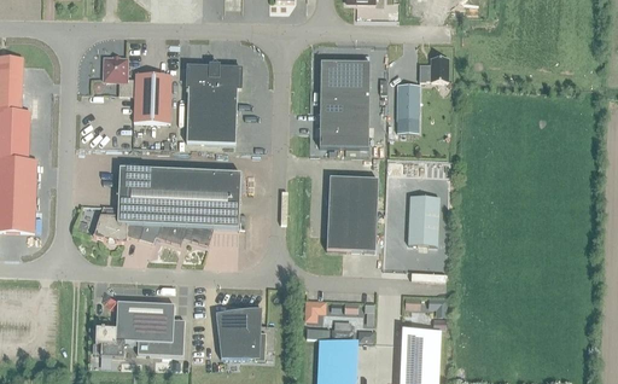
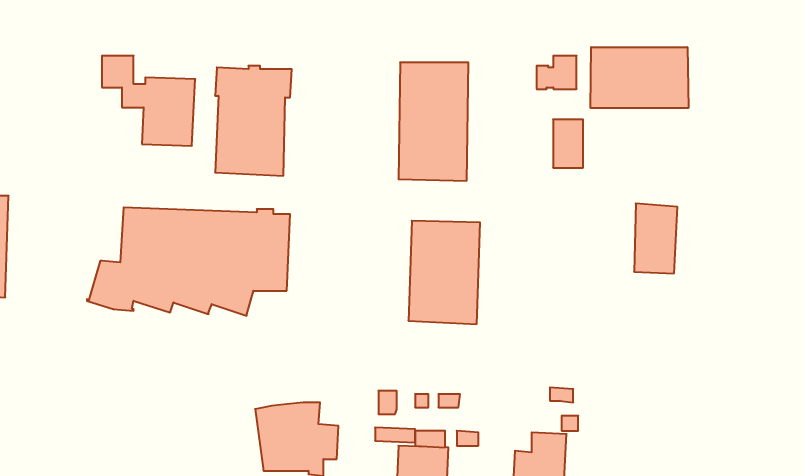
building: none -> [591,47,688,108]
building: [397,83,419,118] -> [553,119,583,168]
building: [408,193,439,244] -> [634,203,677,273]
building: [94,299,185,355] -> none

